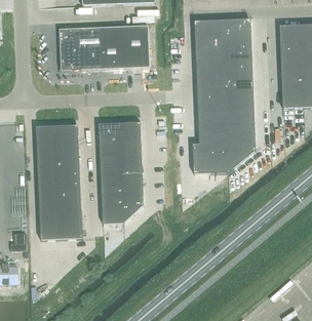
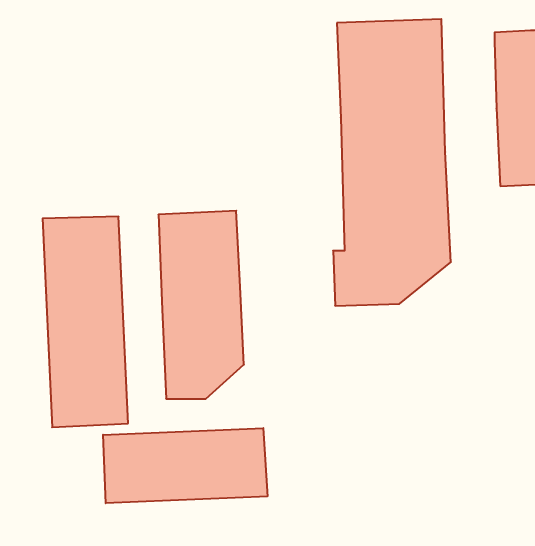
building: [58,25,149,70] -> none
building: none -> [103,428,267,503]

